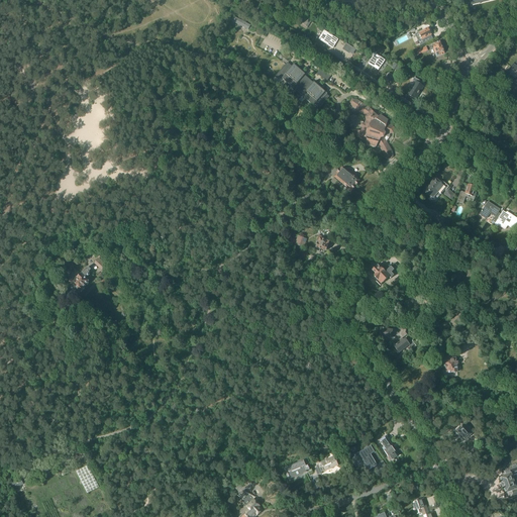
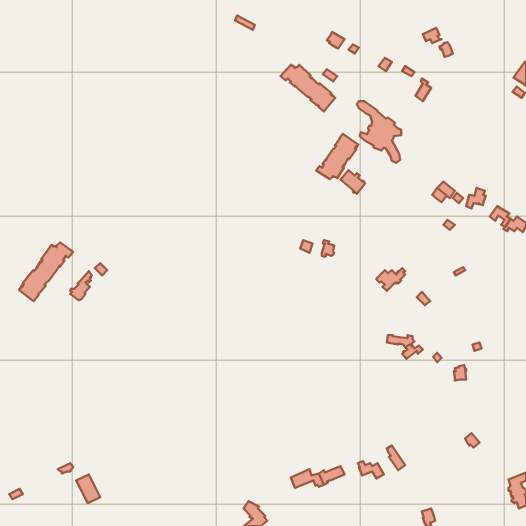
building: none -> [316,134,358,179]
building: none -> [19,243,73,301]

